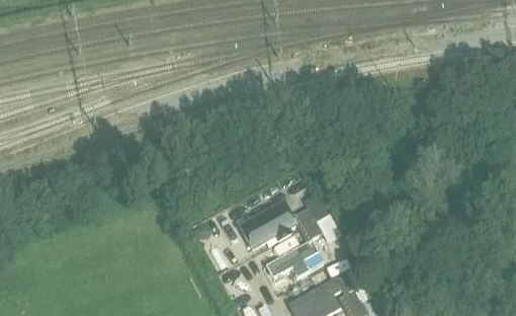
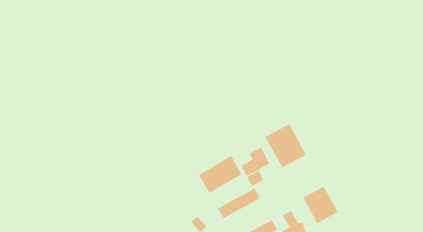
building: none -> [265,123,306,168]
building: none -> [303,186,339,224]

